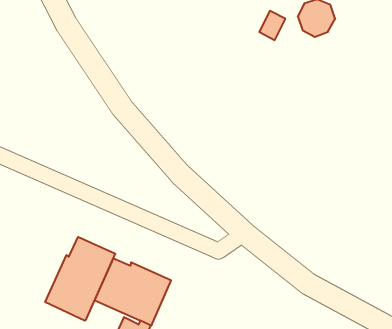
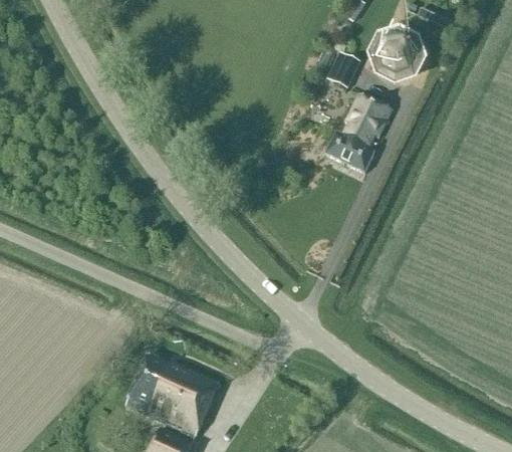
building: none -> [324,93,391,172]
building: [45,237,115,321] -> none

